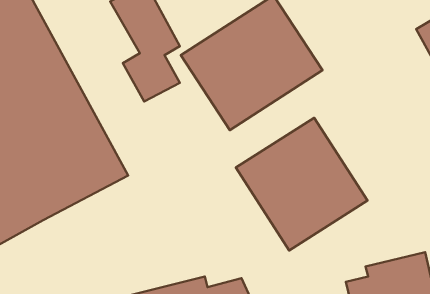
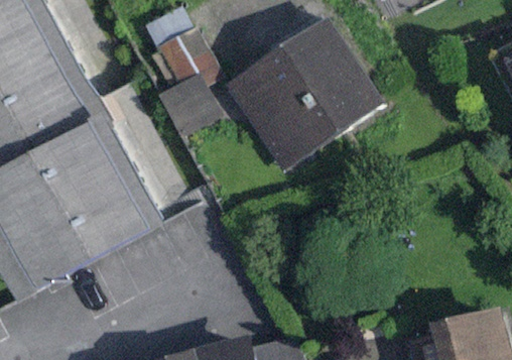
building: [236,118,368,250] -> none

